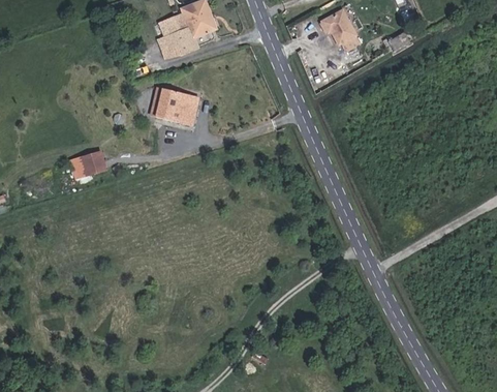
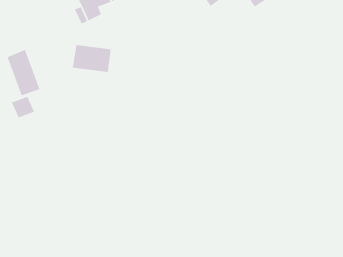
building: none -> [6,49,41,97]

